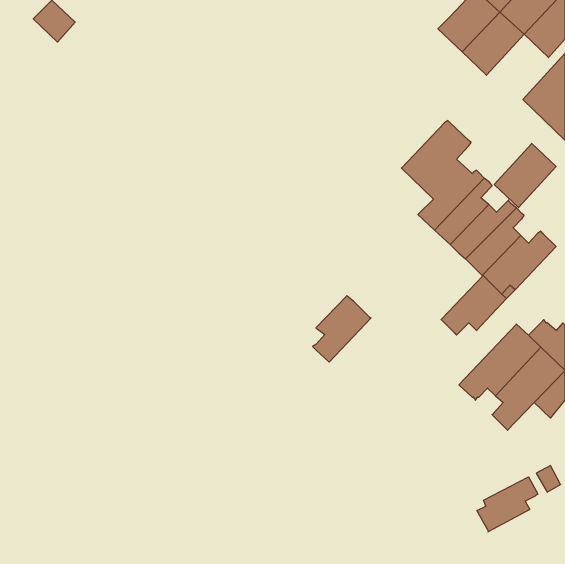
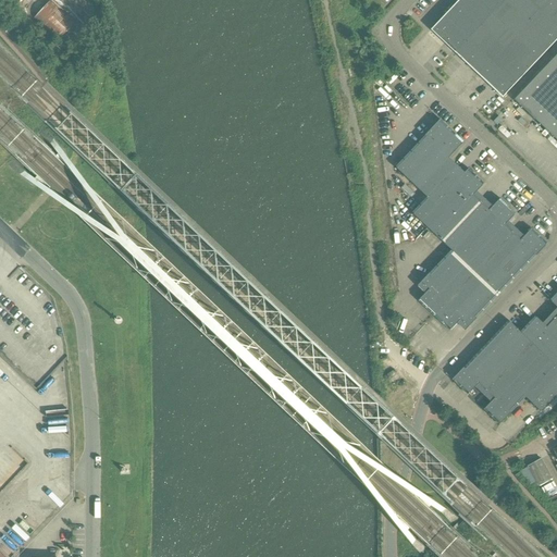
building: [494,143,556,208] -> [479,34,540,97]
building: [313,296,371,362] -> [418,249,475,314]
building: [477,477,538,532] -> none

